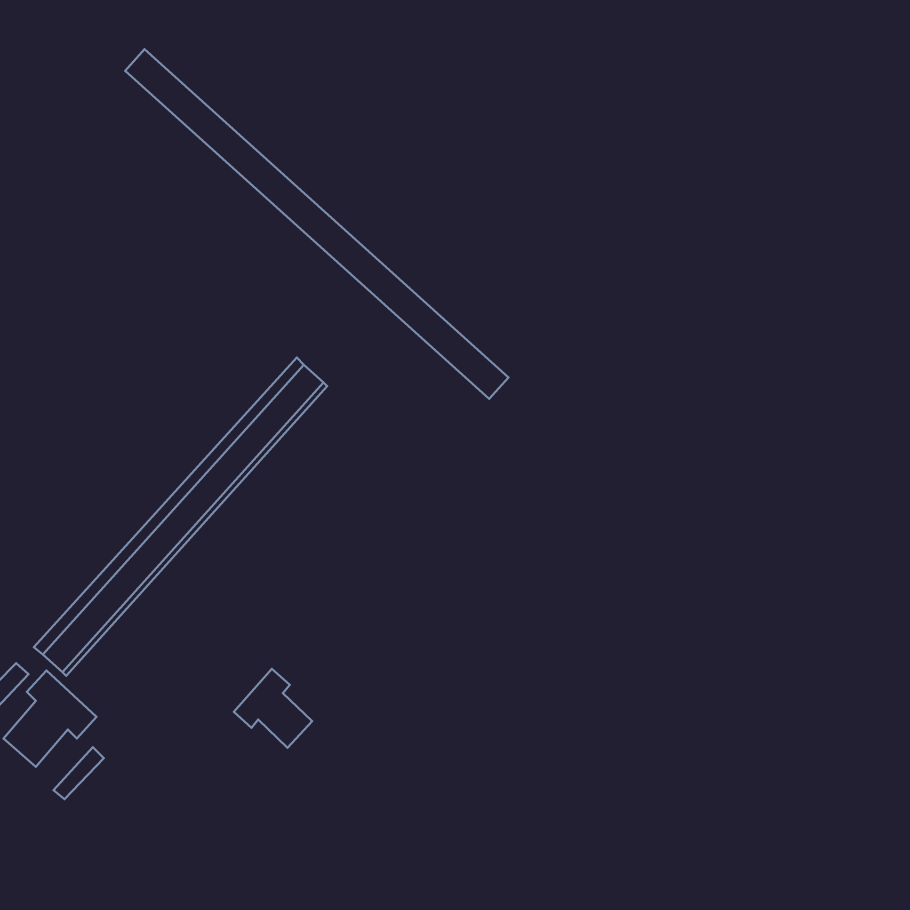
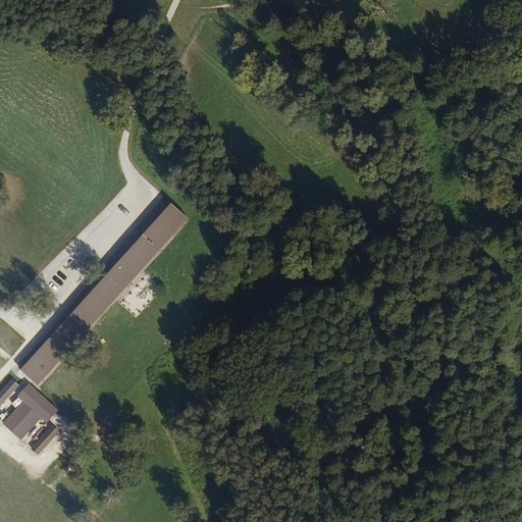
building: [125,49,509,399] -> none
building: [234,669,312,748] -> none

